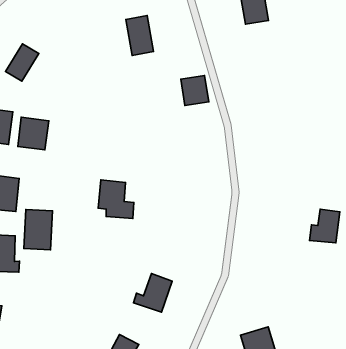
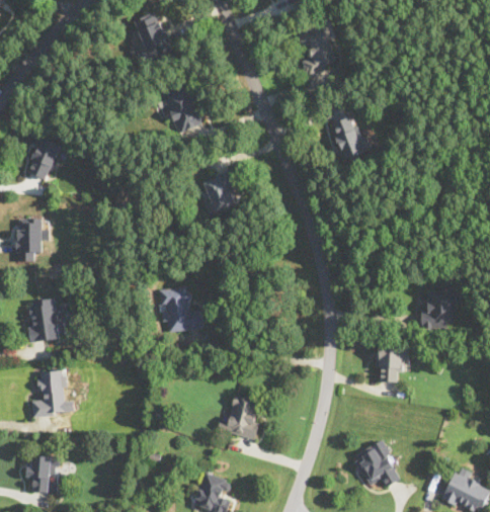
building: none -> [330,116,366,161]
building: [181,75,209,105] -> [201,173,239,212]
building: [18,117,49,150] -> none
building: [24,209,52,250] -> none
building: none -> [377,346,406,382]

